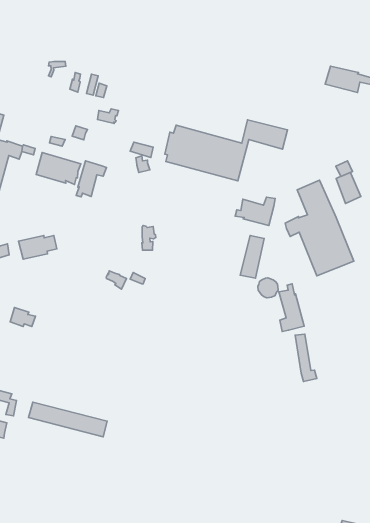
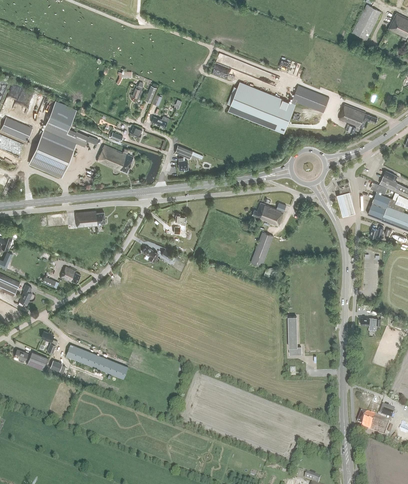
building: [165,120,287,181] -> [228,82,329,133]
building: [76,161,107,197] -> none
building: [285,180,354,276] -> none
building: [279,284,304,331] -> none

